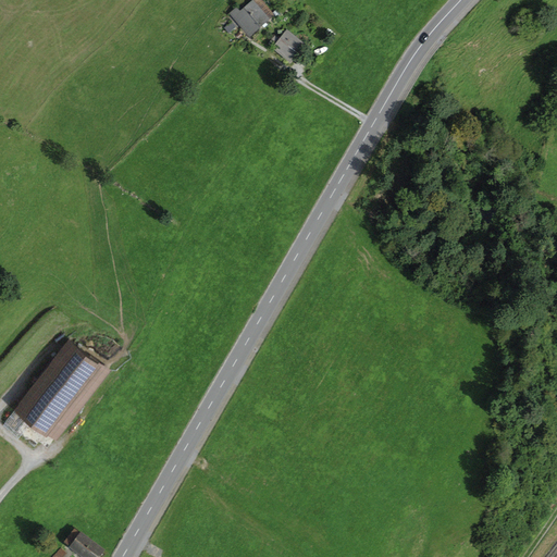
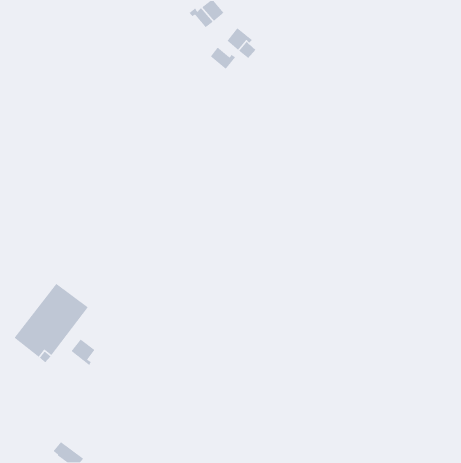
building: none -> [210,47,236,70]
building: none -> [70,339,95,366]

